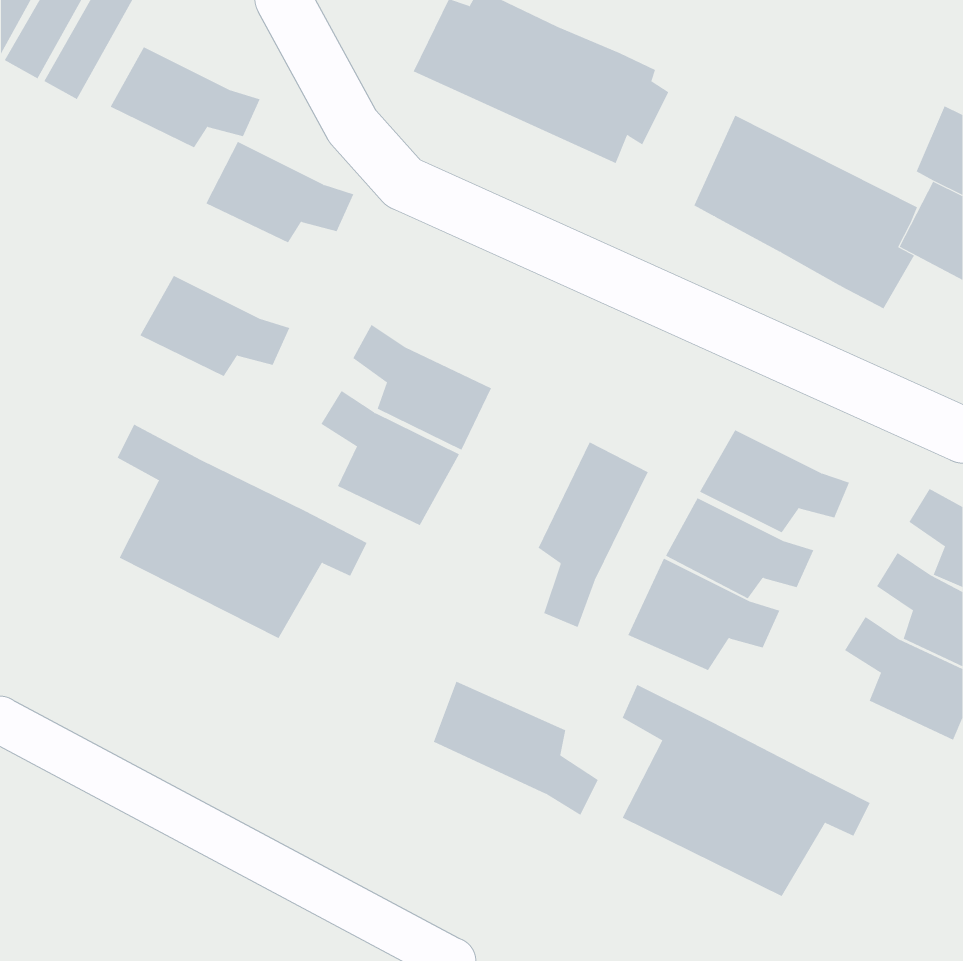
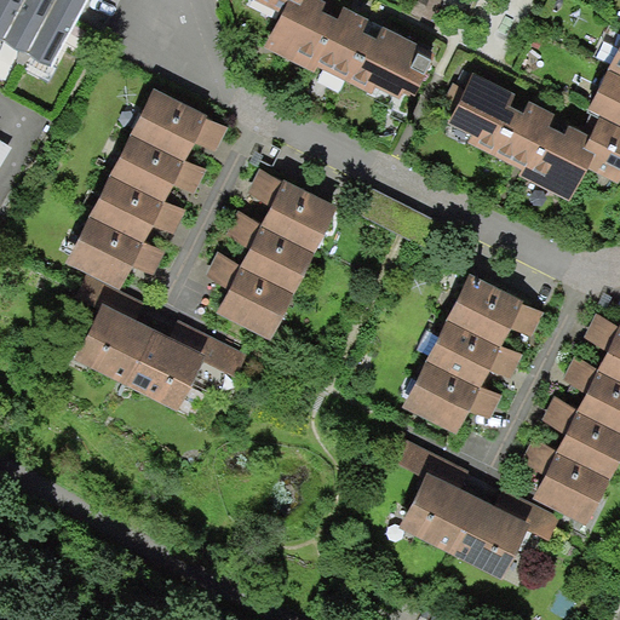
building: [110,46,260,148] -> [109,134,206,200]
building: none -> [249,167,339,247]
building: none -> [65,217,165,287]
building: [538,442,648,628] -> none
building: none -> [522,437,612,526]
building: [433,681,599,816] -> none

